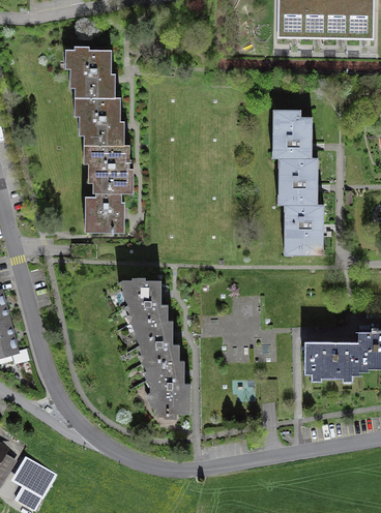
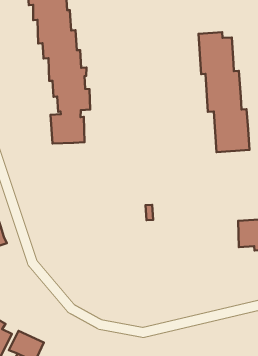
building: [119,276,190,413] -> none

